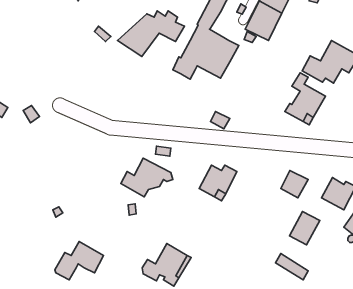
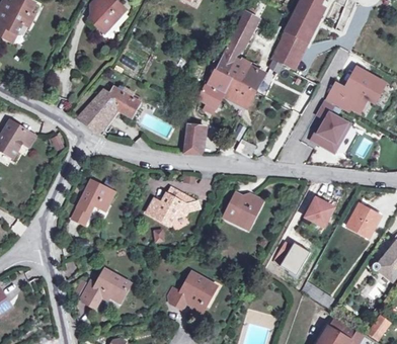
building: [117,11,185,57] -> [74,87,141,133]
building: none -> [182,125,204,154]
building: none -> [72,181,114,224]
building: [289,211,320,245] -> [280,242,310,275]

